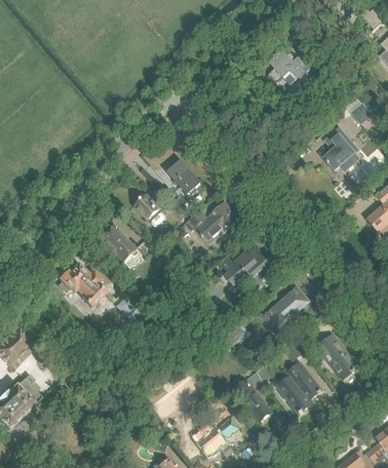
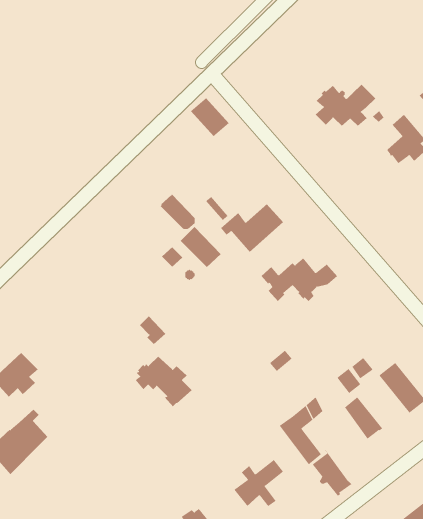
building: [267,48,318,84] -> [315,84,376,127]
building: [167,160,200,193] -> [190,98,229,137]
building: [100,225,134,260] -> [180,226,221,268]
building: [57,264,106,307] -> [135,356,192,407]
building: [260,290,306,326] -> none
building: [277,373,311,413] -> [312,449,352,496]

